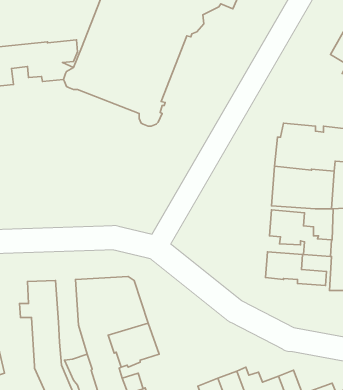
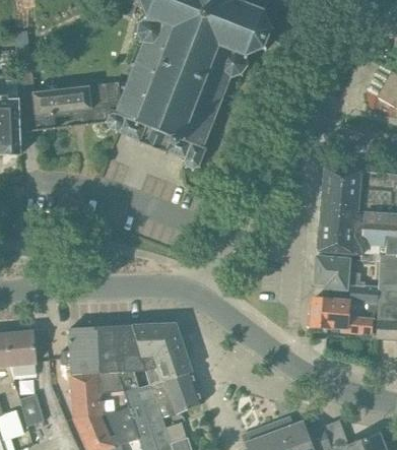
building: none -> [96,327,121,391]

